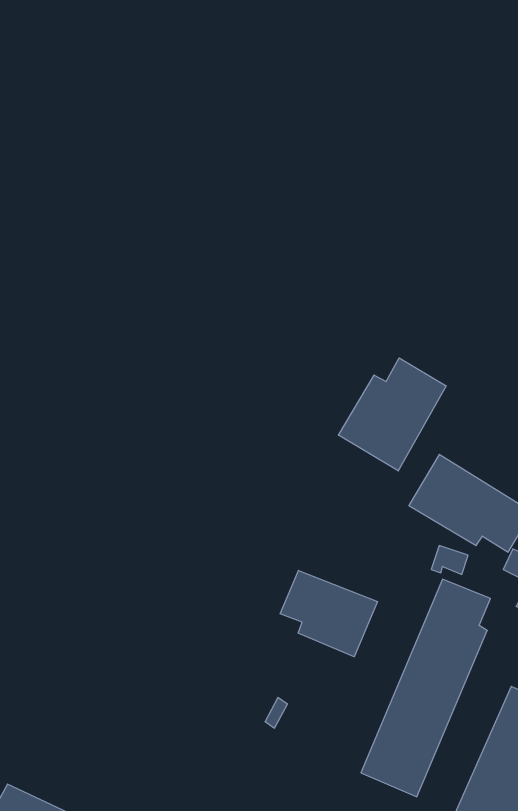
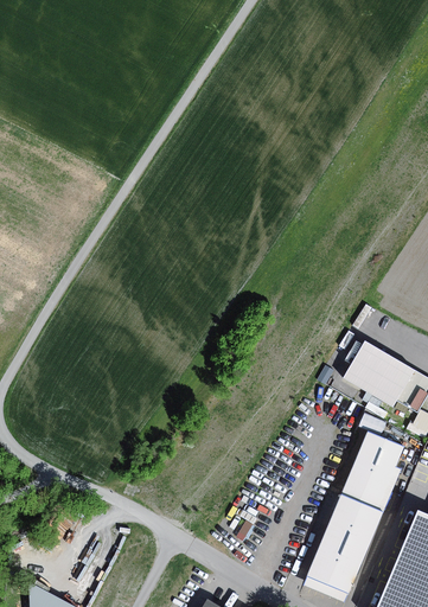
building: [338,358,446,471] -> none
building: [280,570,378,657] -> none

